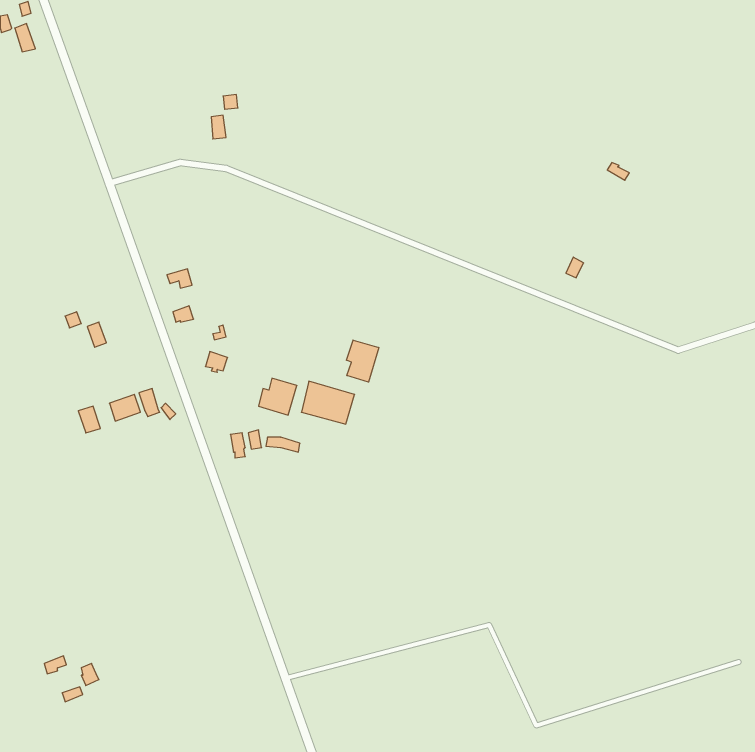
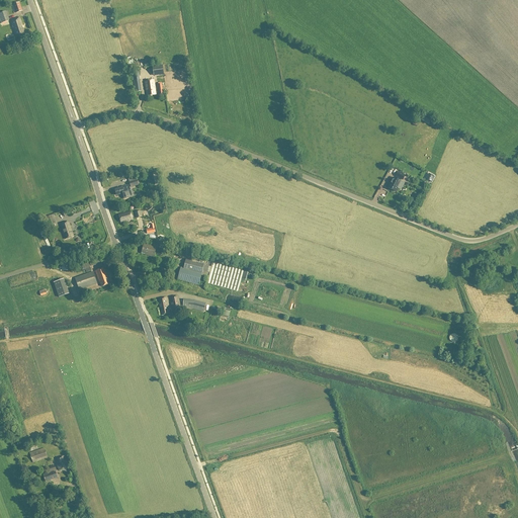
building: [346,340,379,382] -> none

